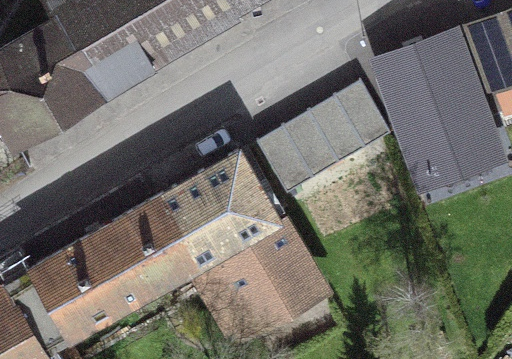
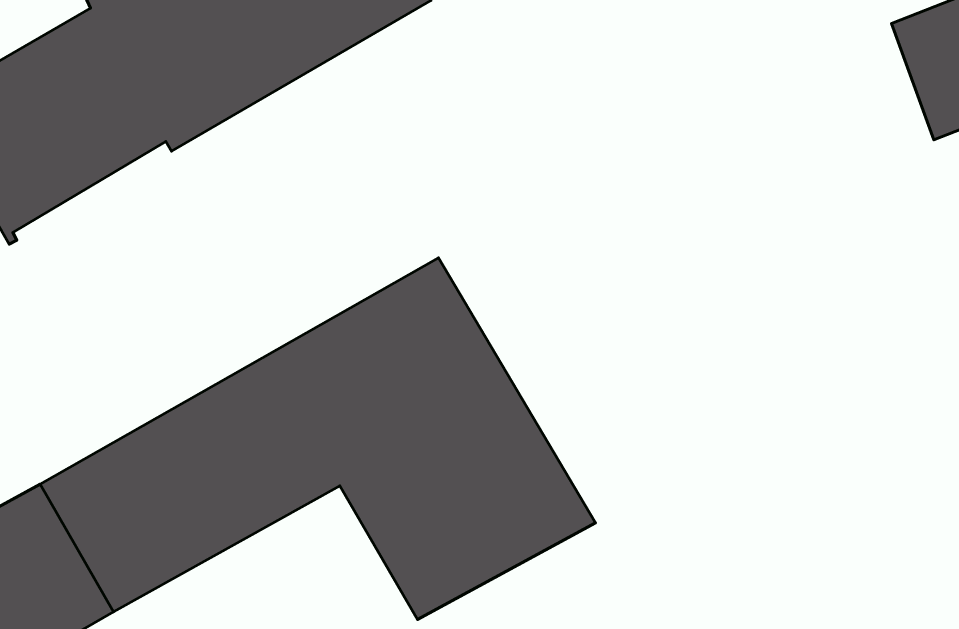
building: [382,37,495,180] -> none
building: [257,80,391,193] -> none

